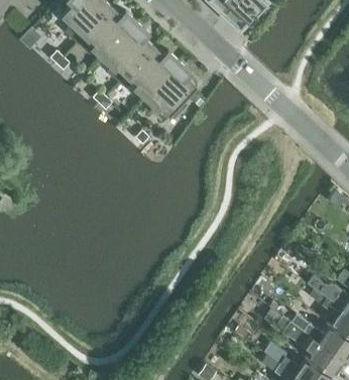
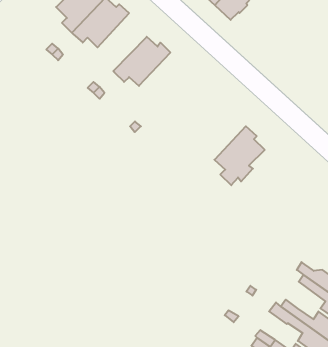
building: [104,21,154,81] -> none
building: [146,61,198,122] -> [214,126,265,185]

